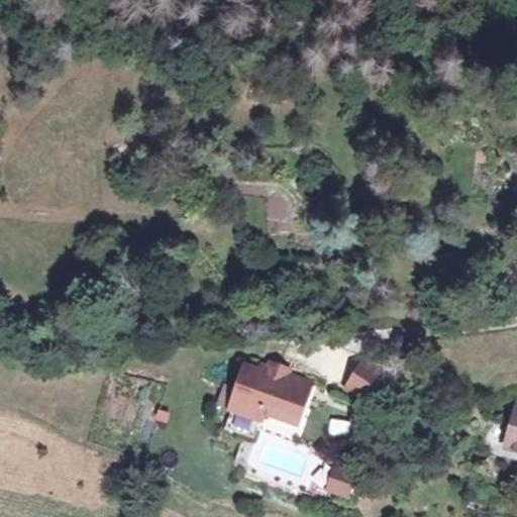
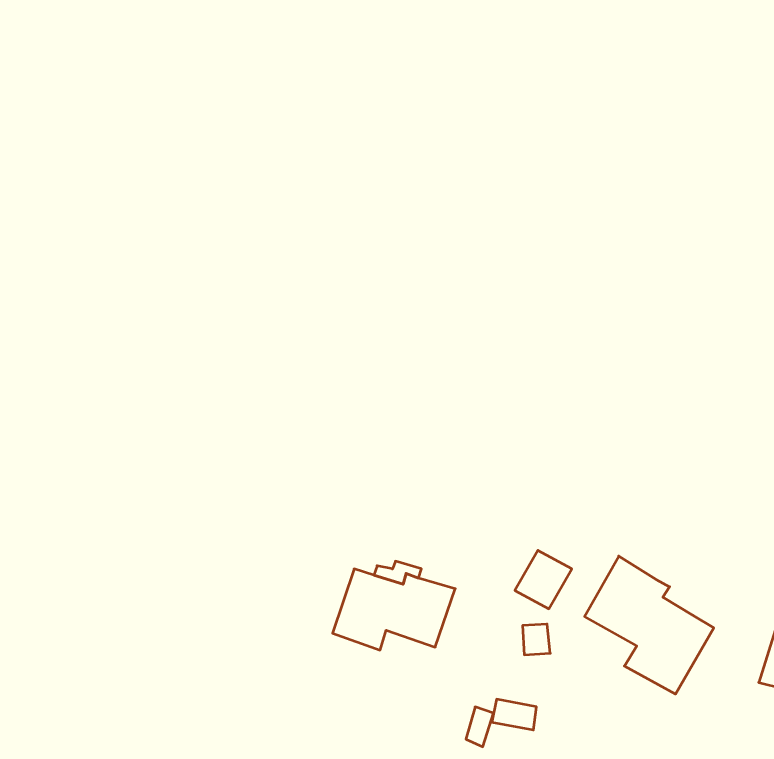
building: none -> [585,556,714,694]

